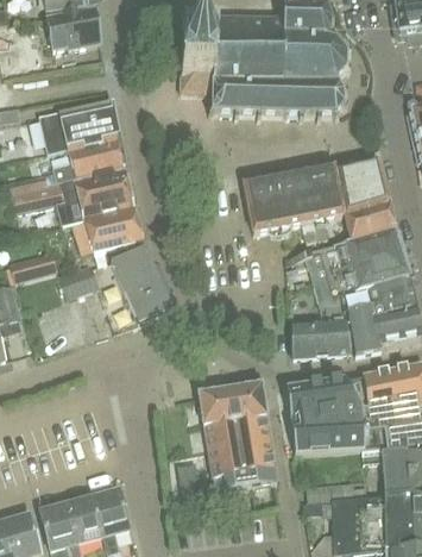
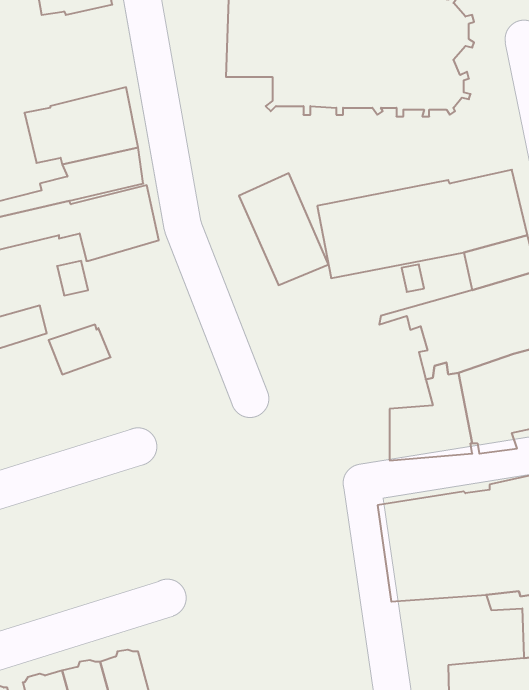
building: [84,205,141,250] -> none
building: [111,245,172,323] -> [239,173,328,285]
building: [199,383,276,490] -> none

